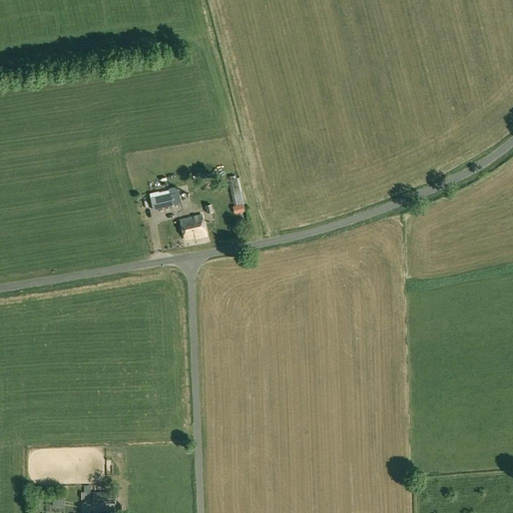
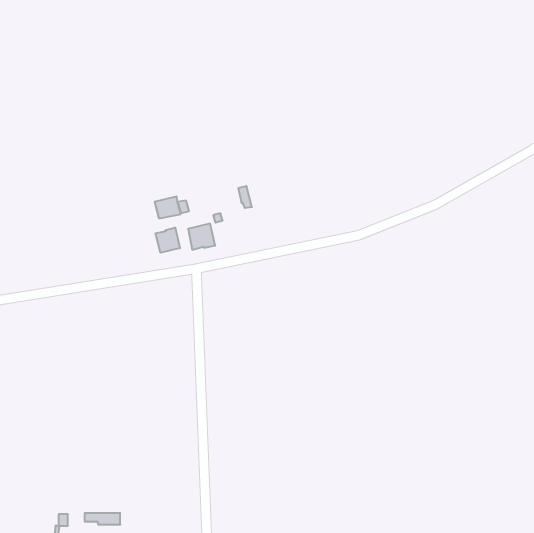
building: none -> [155,227,180,253]

